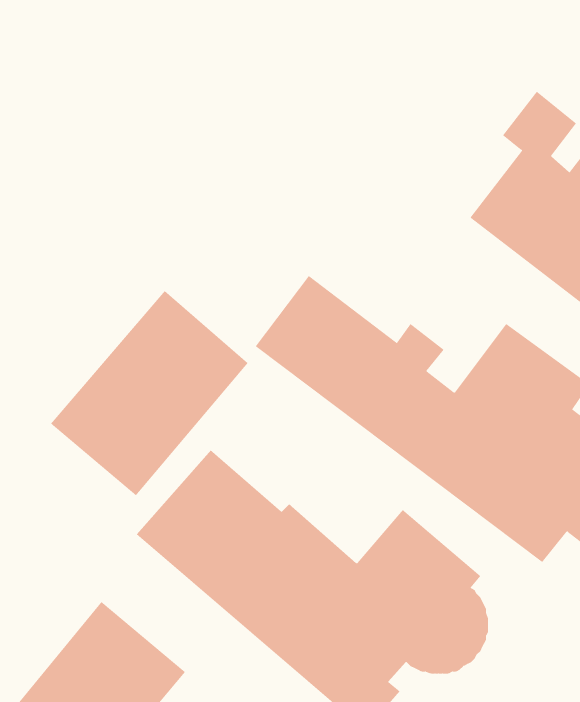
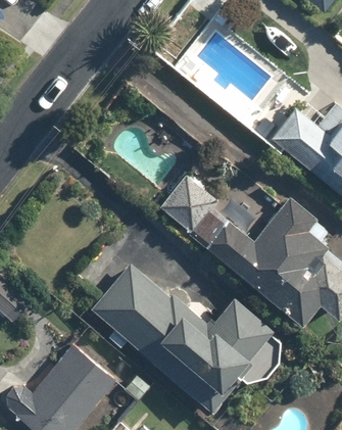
building: [50,290,249,496] -> none

